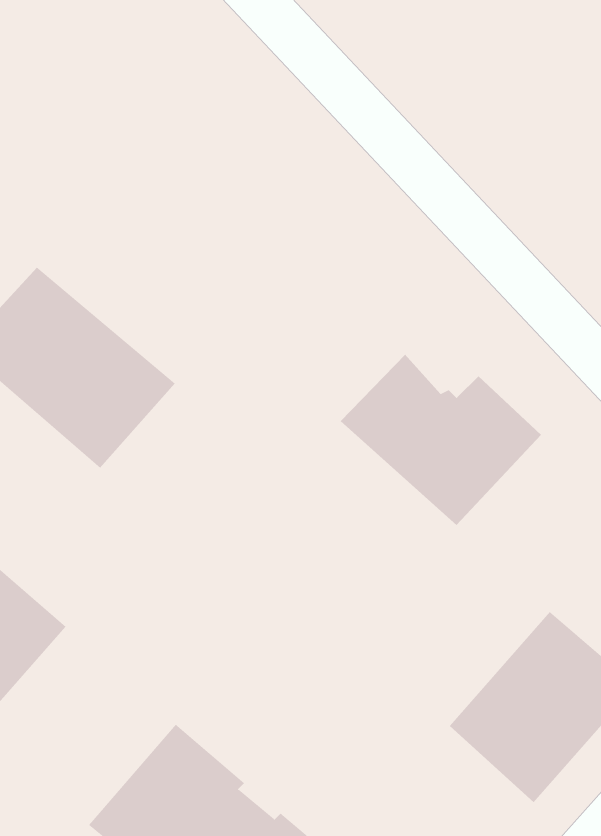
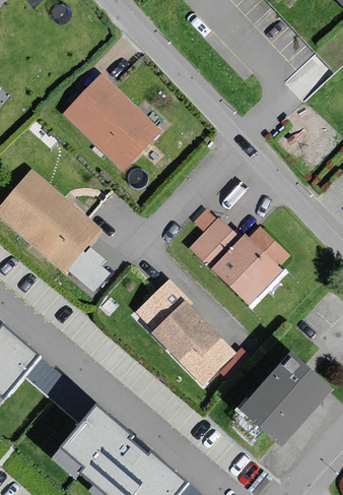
building: none -> [61,74,158,174]
building: none -> [131,279,234,388]

